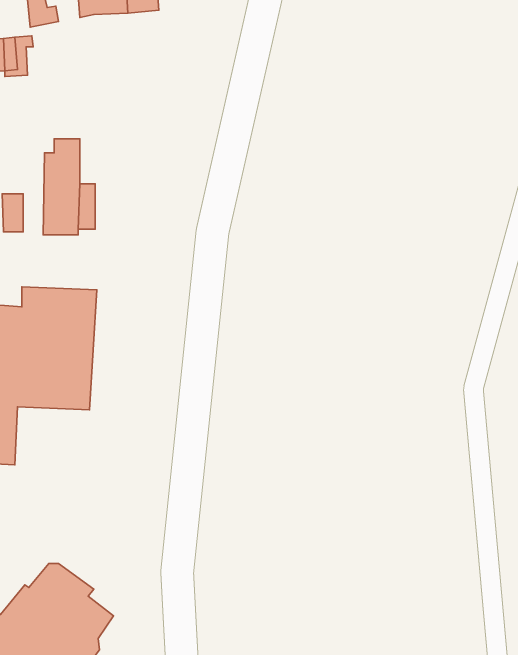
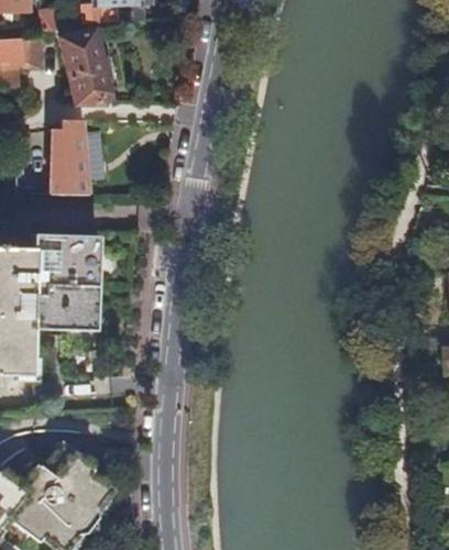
building: none -> [62,30,113,105]

